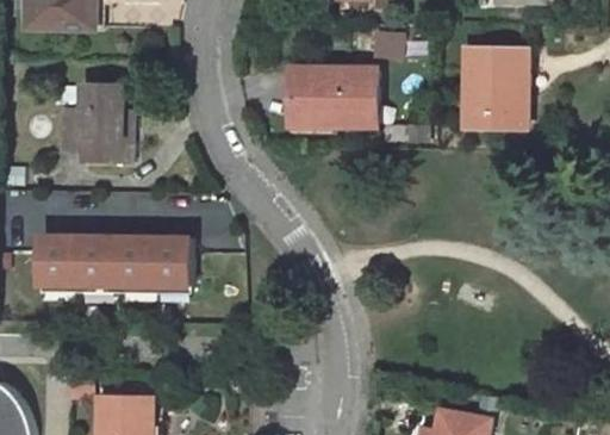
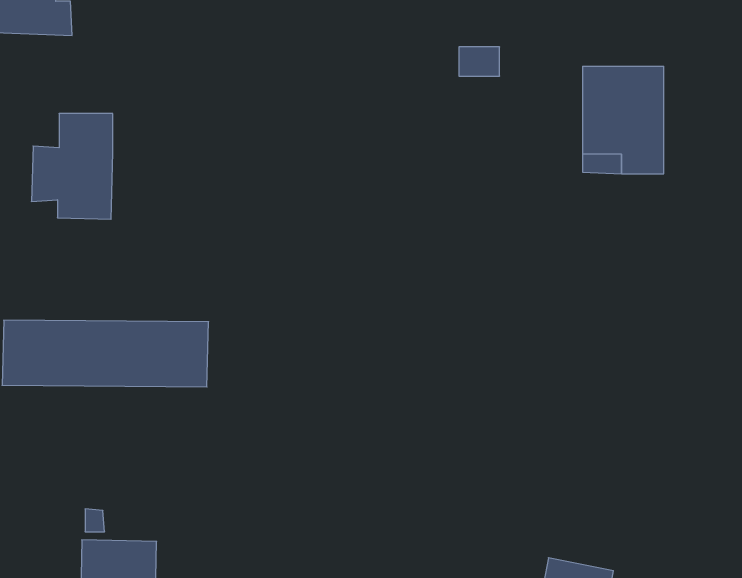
building: [292,70,376,125] -> none

